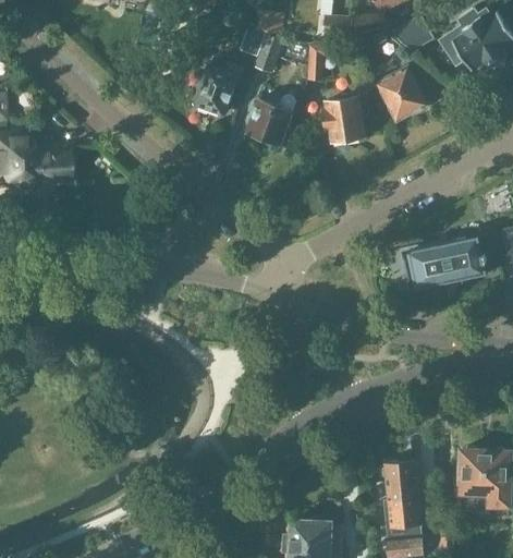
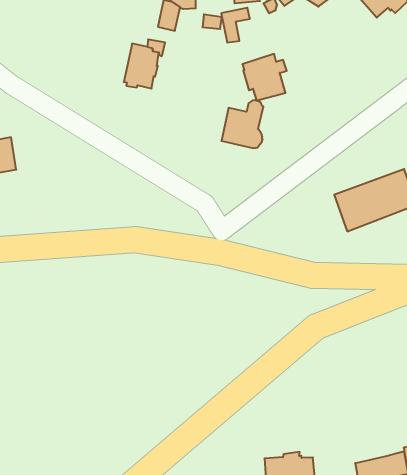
building: [253,33,282,73] -> none
building: [377,68,438,120] -> none
building: [247,95,296,145] -> [221,100,263,148]
building: [381,460,422,537] -> none

